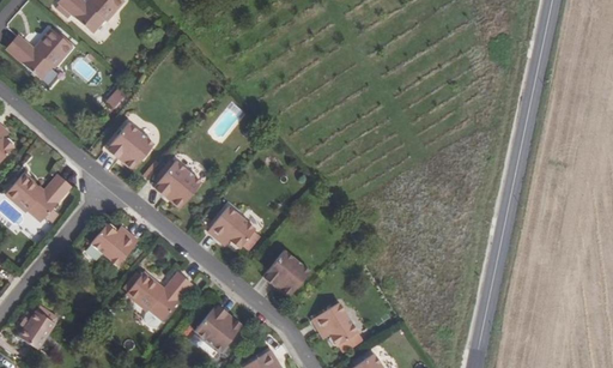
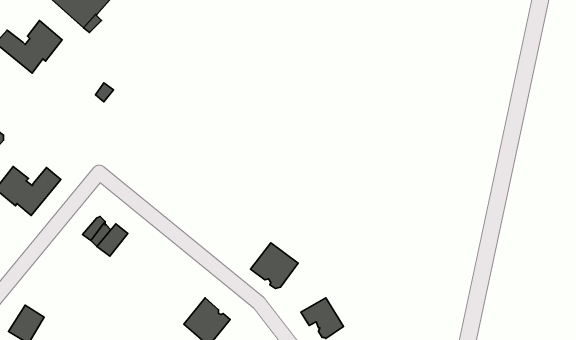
building: [105,123,152,169] -> none
building: [152,161,201,206] -> none
building: [207,209,253,248] -> none
building: [125,271,190,320] -> none

